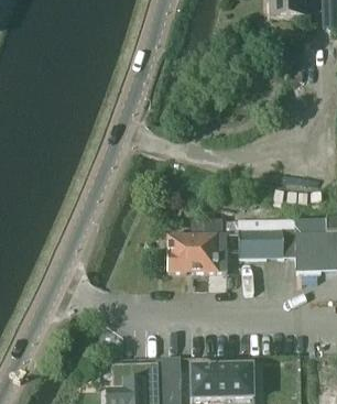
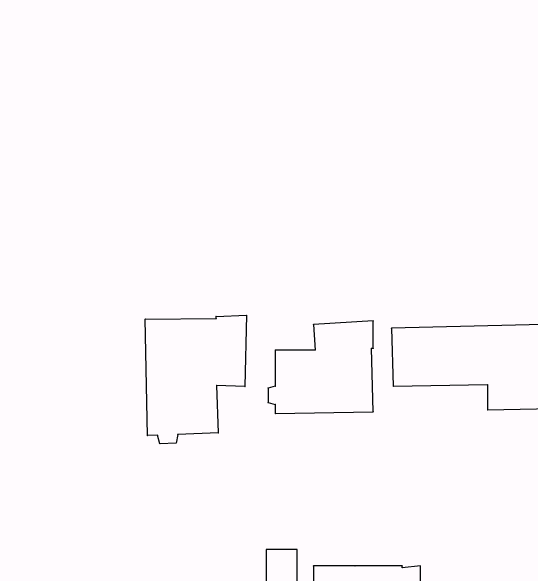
building: none -> [145,315,246,444]

